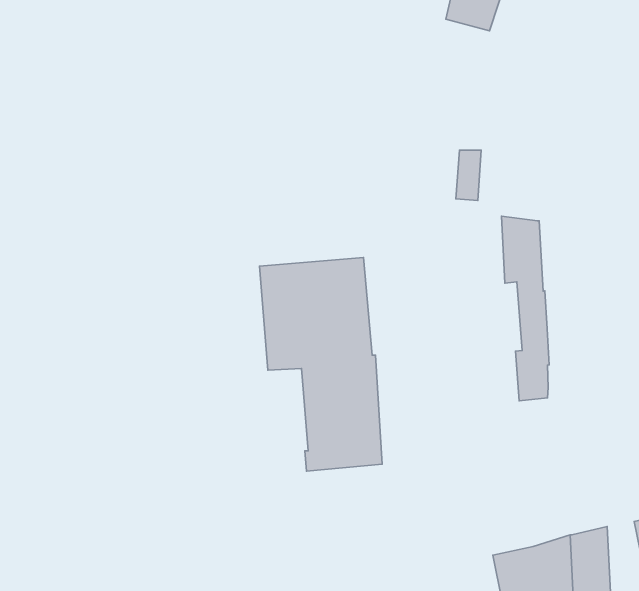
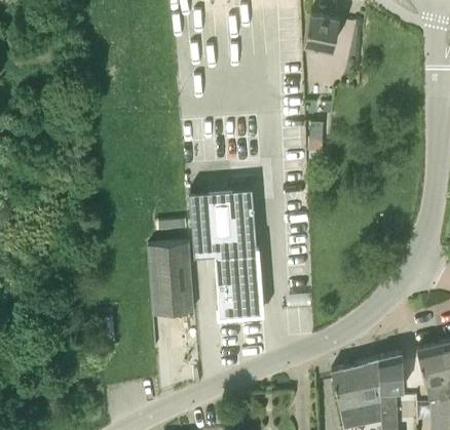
building: [501,216,549,401] -> none
building: none -> [148,244,195,316]

